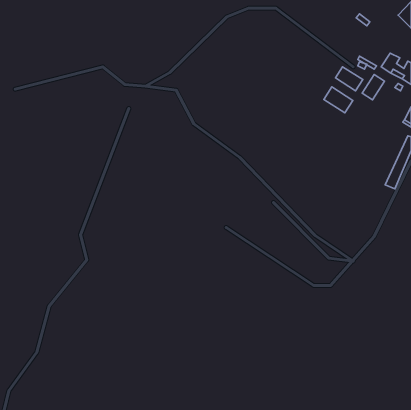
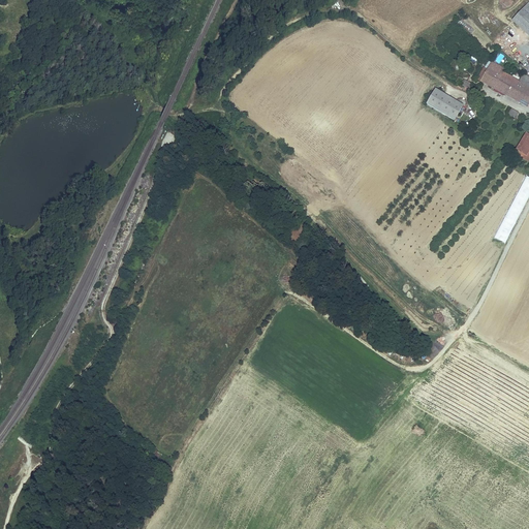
building: [362,75,385,100] -> none
building: [324,87,353,113] -> none

